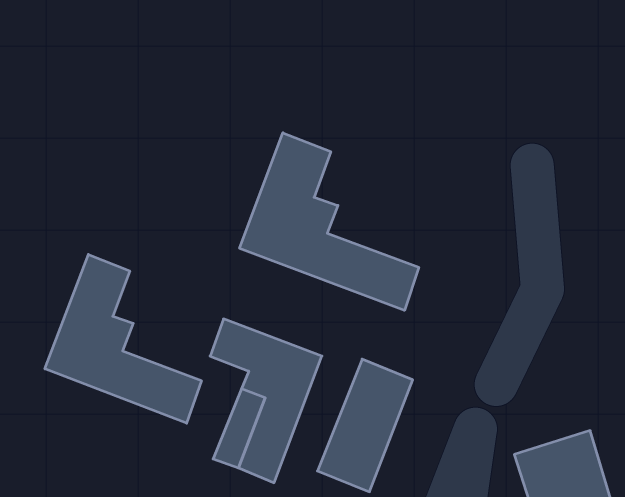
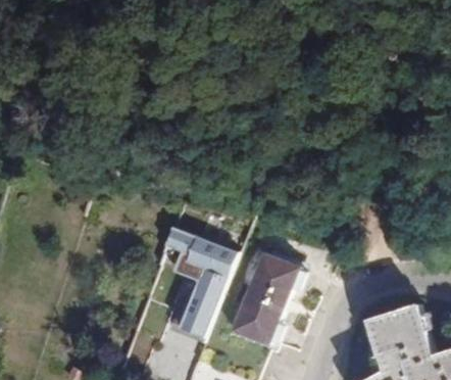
building: [240,133,419,310] -> none
building: [45,254,201,423] -> none

